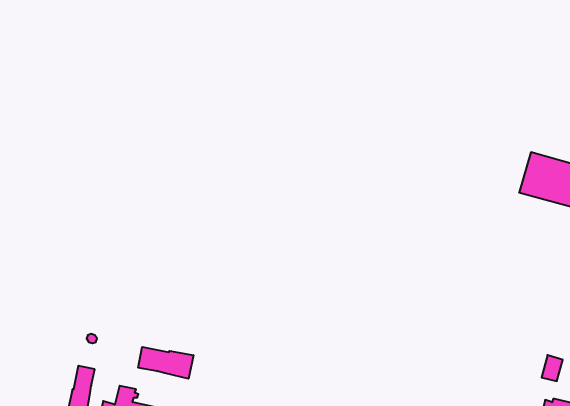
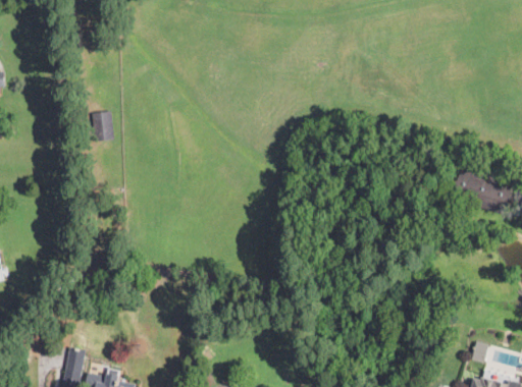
building: none -> [92,110,114,141]
building: [138,347,193,379] -> none

